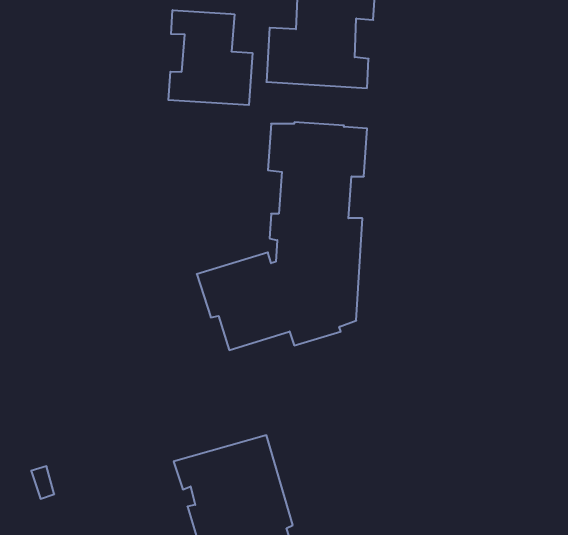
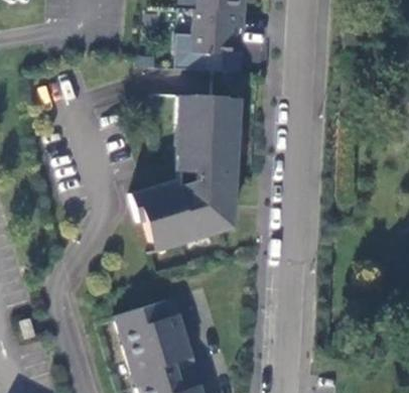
building: [168,10,252,105] -> none

